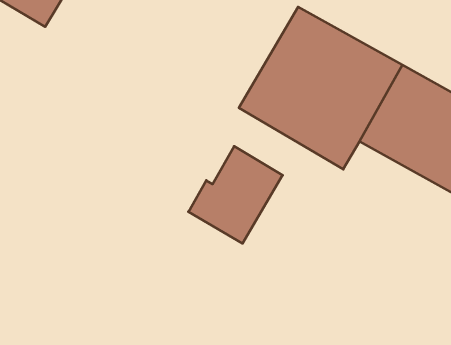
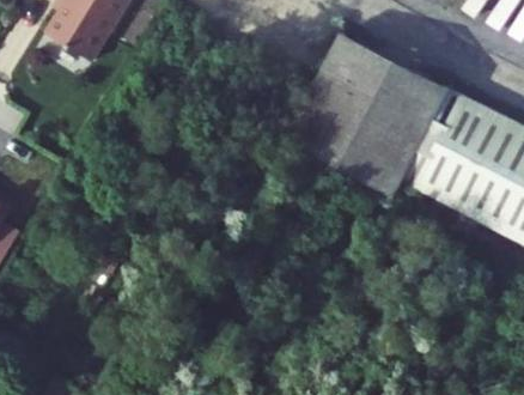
building: [188,146,283,243] -> none

